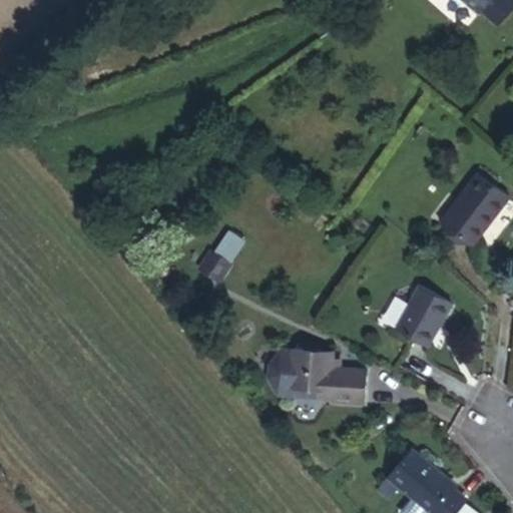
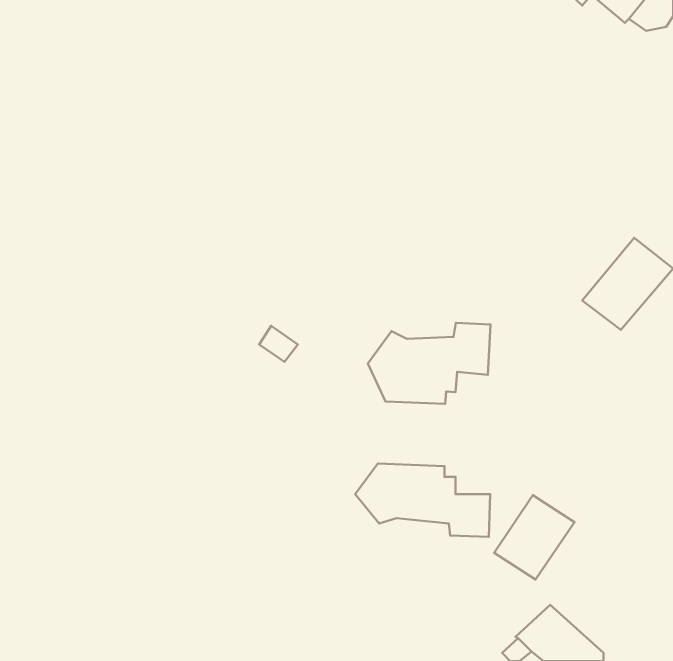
building: none -> [368,323,490,404]
building: [396,286,456,349] -> [494,495,574,579]

